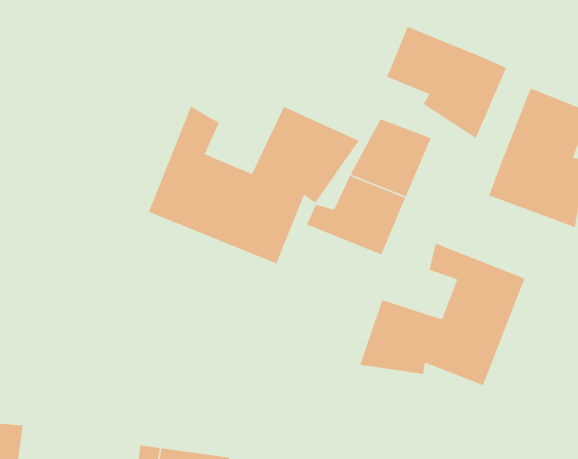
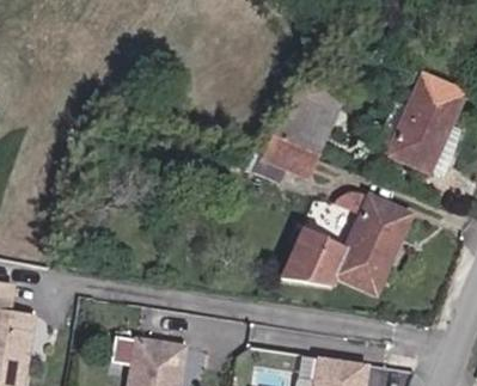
building: [386,26,507,139] -> none
building: [148,106,360,264] -> none

